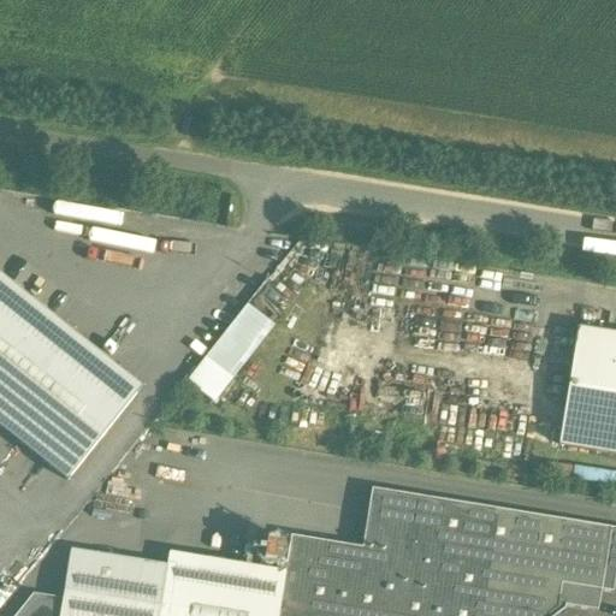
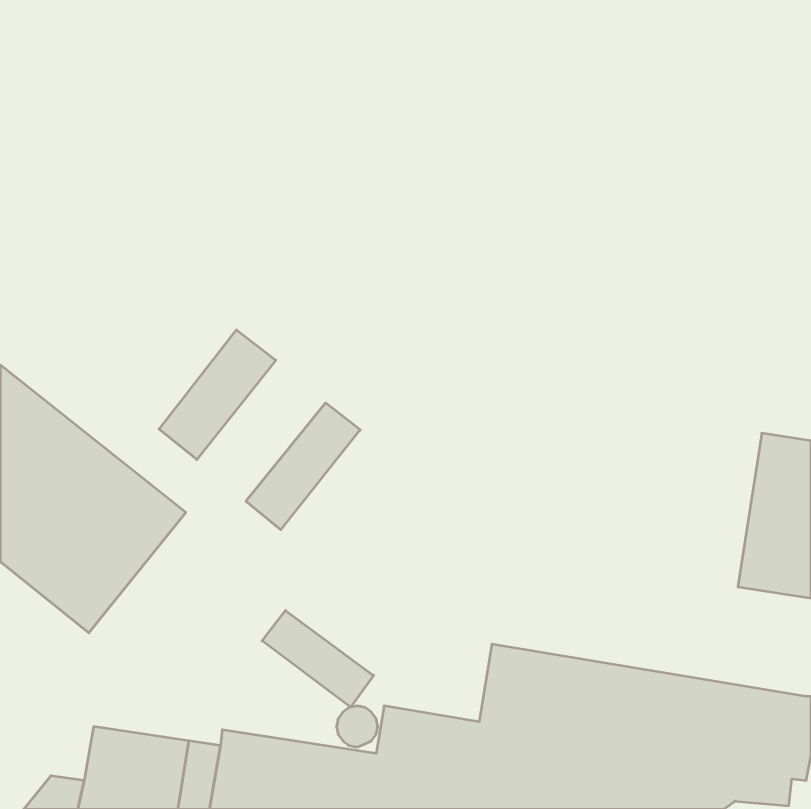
building: none -> [159,330,276,460]
building: none -> [262,610,374,707]

